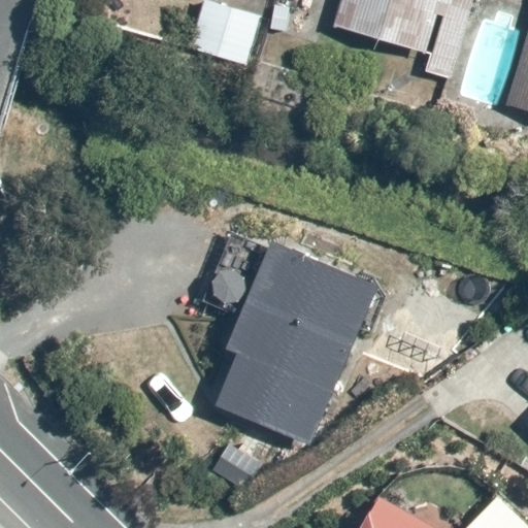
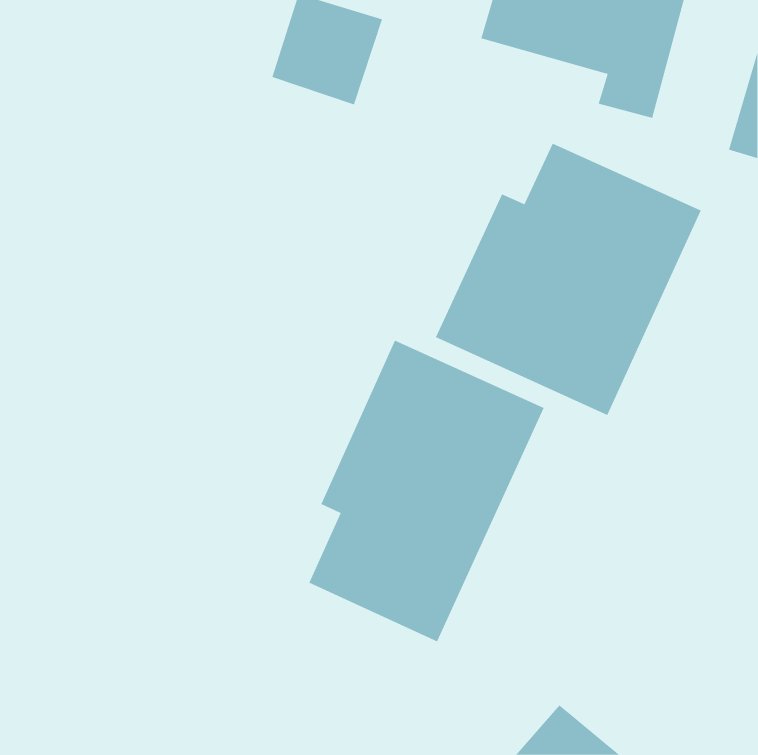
building: none -> [435,143,701,416]

